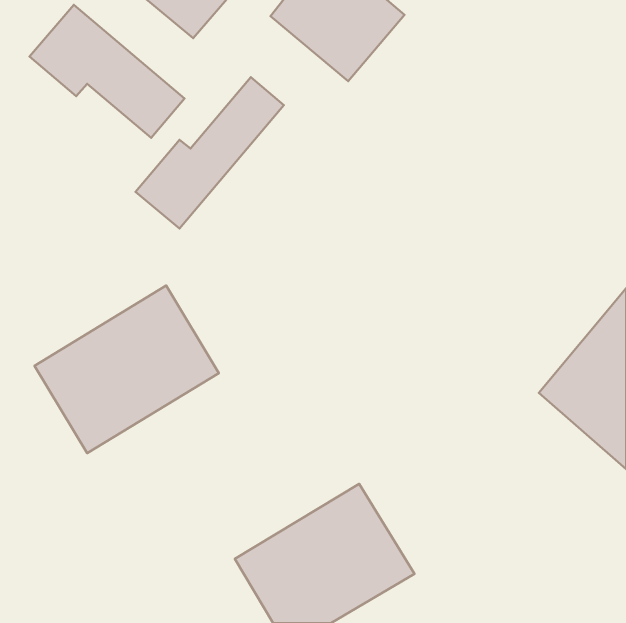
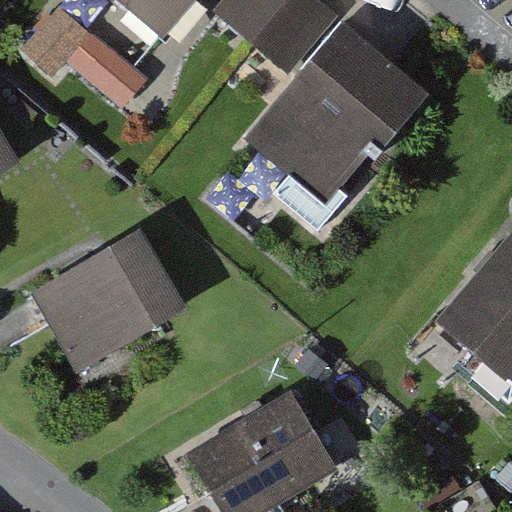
building: none -> [237,24,430,222]
building: [136,77,284,228] -> none

